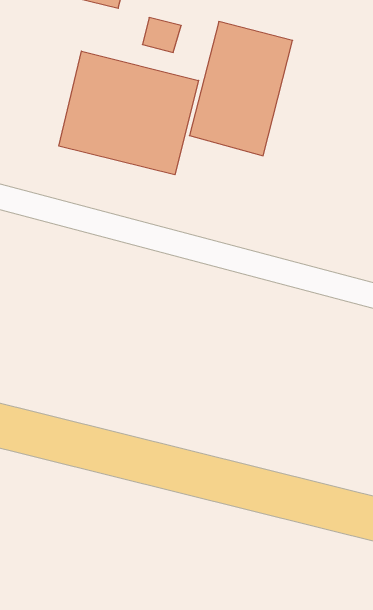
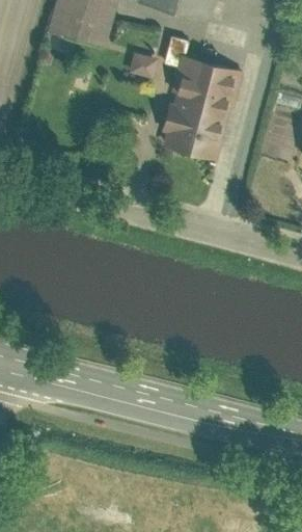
building: [59,51,199,175] -> none

